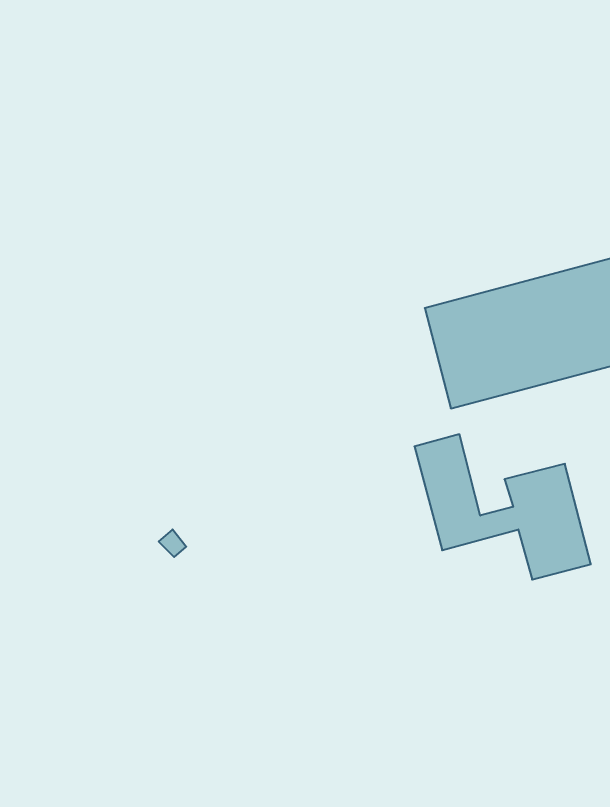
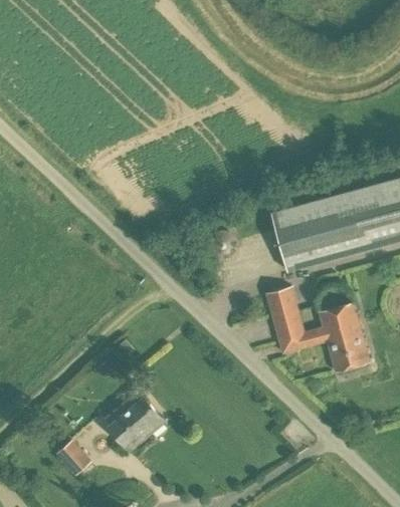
building: none -> [109,398,161,445]
building: none -> [56,441,90,476]

